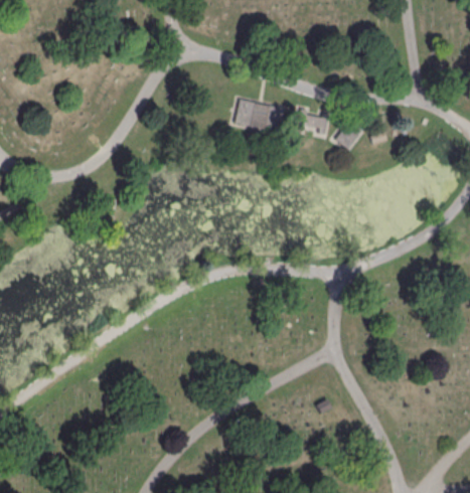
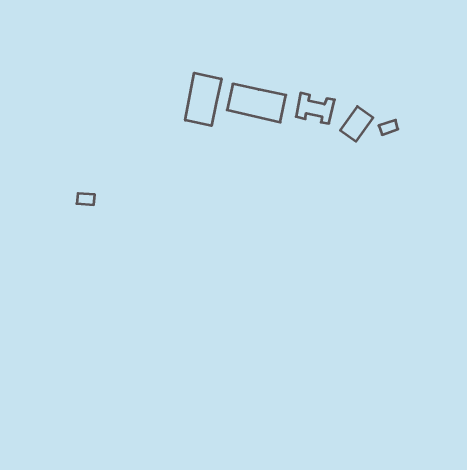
building: none -> [185,73,221,126]

